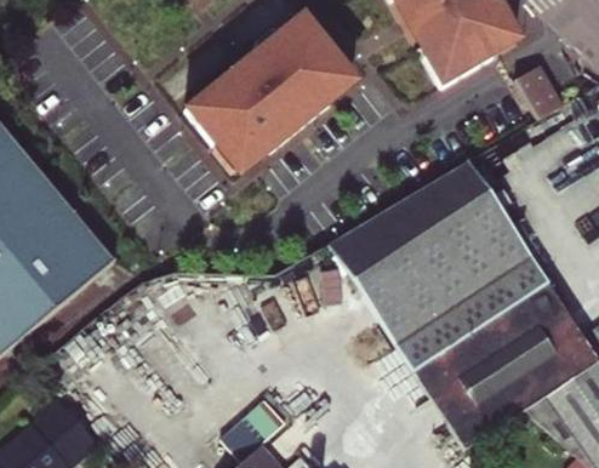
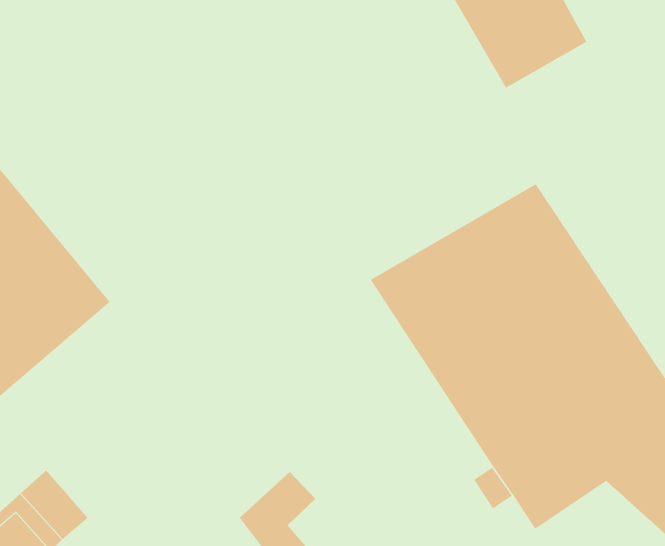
building: [178,19,347,167] -> none
building: [515,64,565,118] -> none

